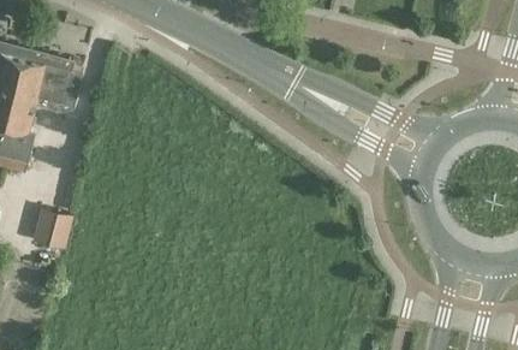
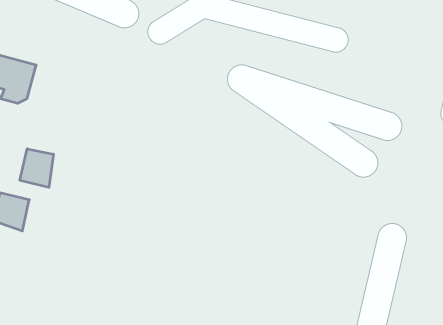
building: none -> [20,149,53,187]

